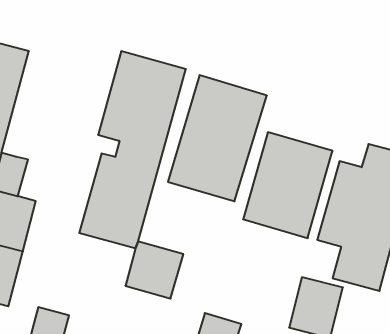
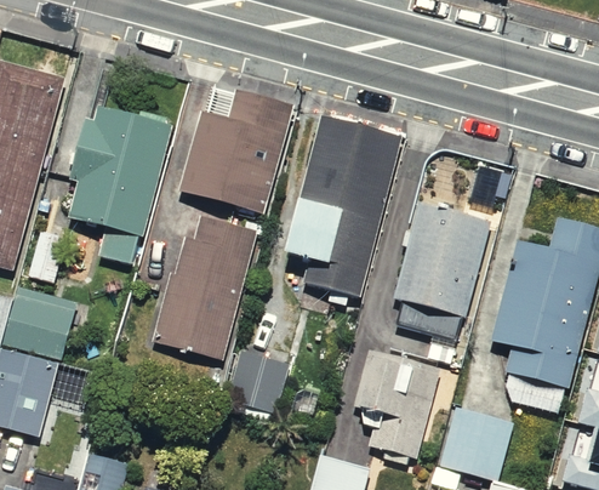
building: none -> [57,99,165,261]
building: none -> [347,352,441,457]

